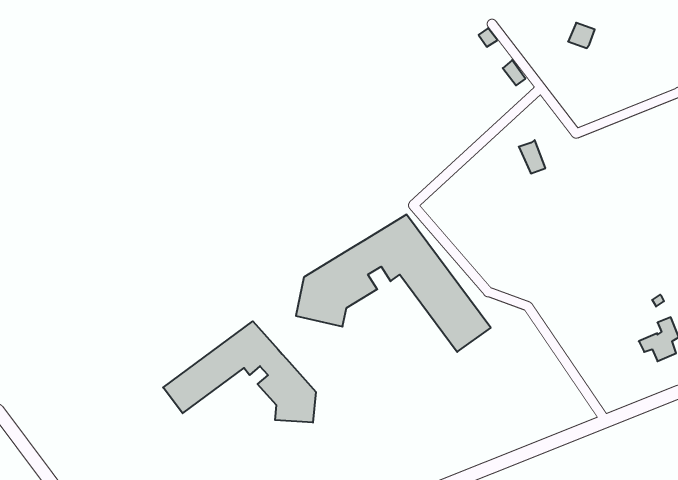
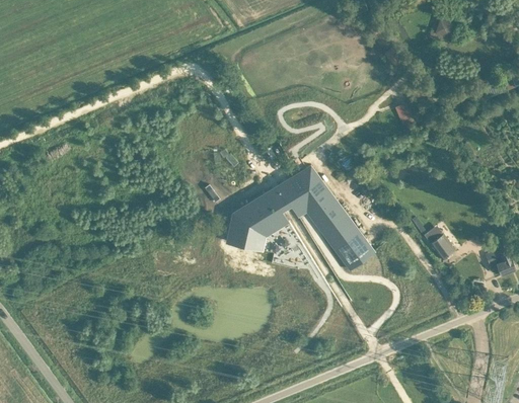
building: none -> [423,227,454,261]
building: [163,321,316,423] -> none

